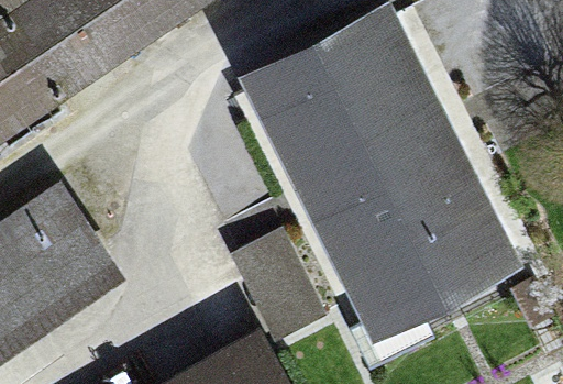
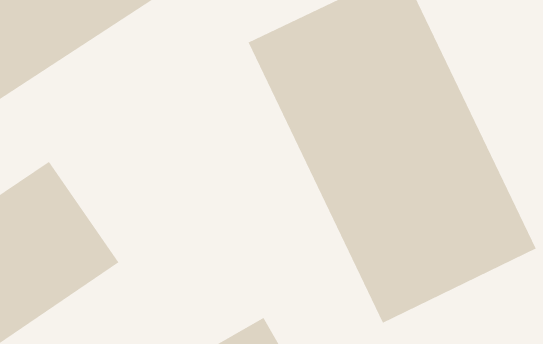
building: [224,238,310,338] -> none

